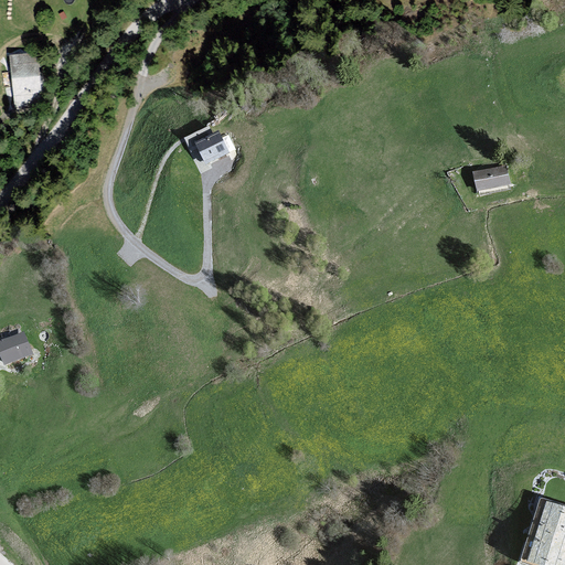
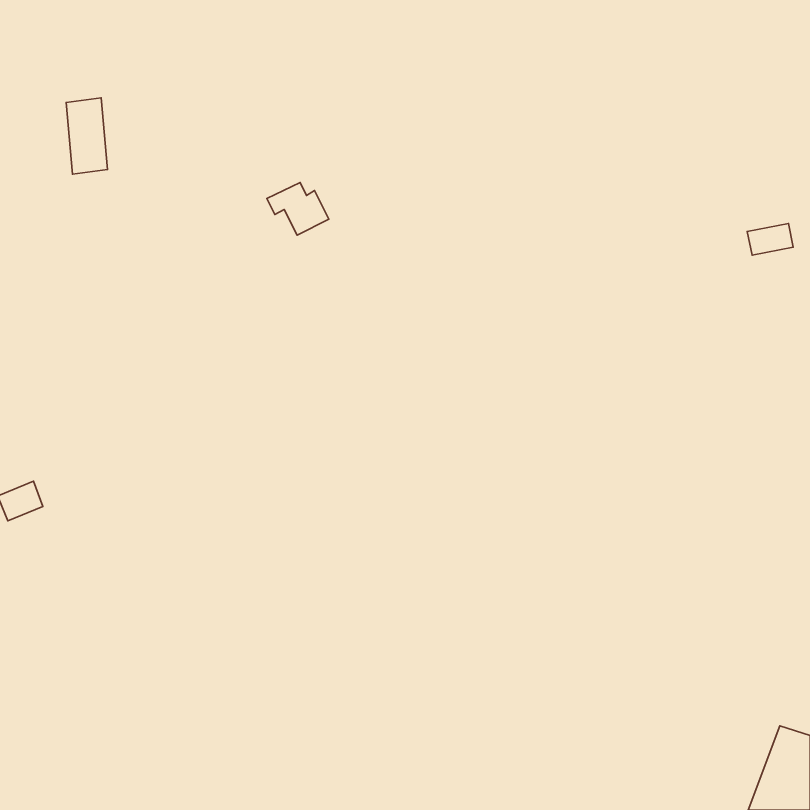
building: [11,53,40,106] -> [66,98,107,174]
building: [476,168,508,190] -> [747,223,793,255]

